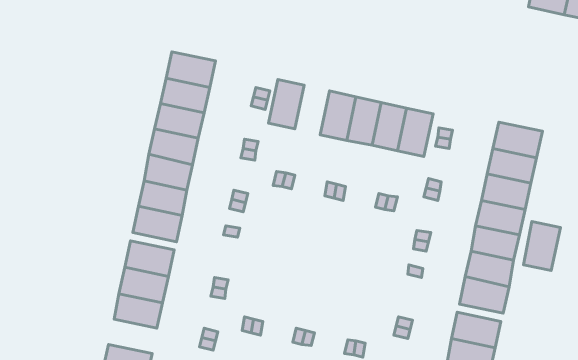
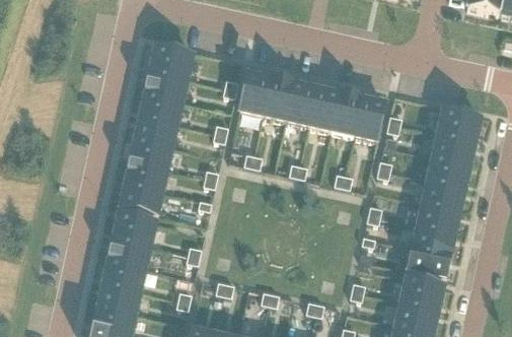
building: none -> [262,76,292,120]
building: [524,221,561,270] -> none
building: none -> [97,282,140,313]

